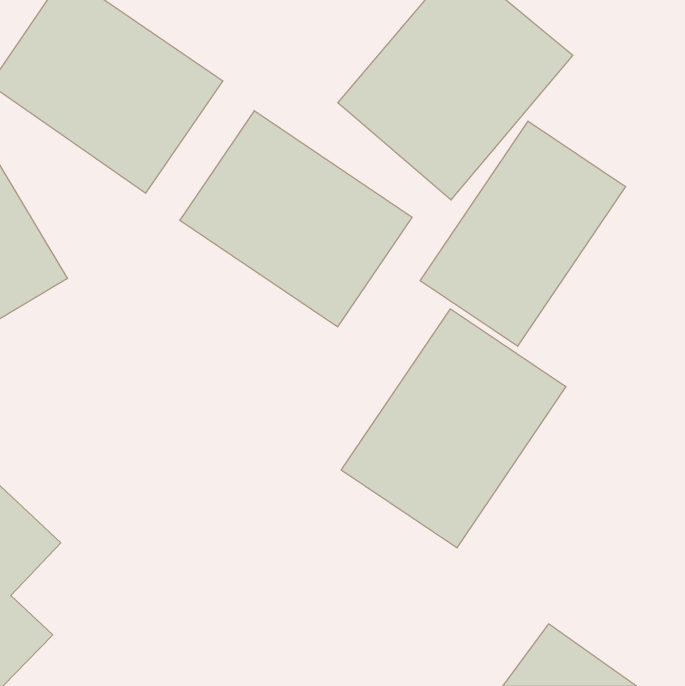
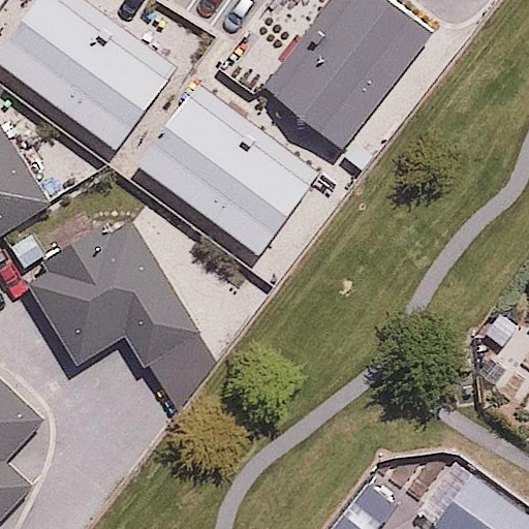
building: [420,121,626,346] -> none
building: none -> [23,214,204,378]
building: [341,309,566,548] -> none

